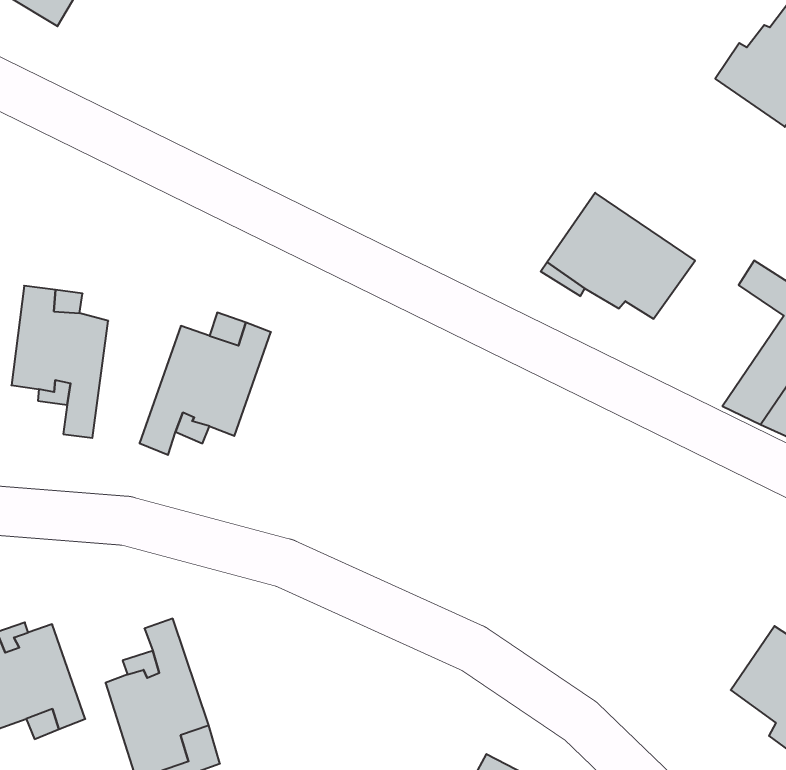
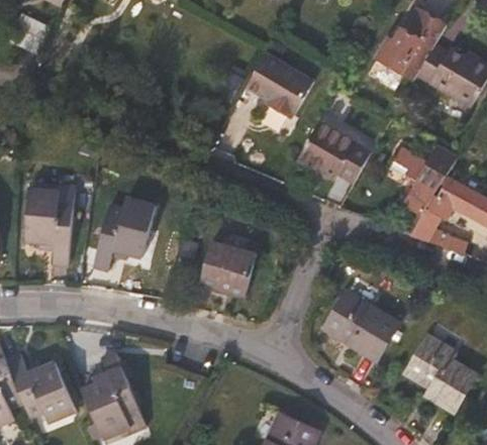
building: none -> [245,53,312,120]
building: none -> [200,243,256,295]
building: none -> [322,288,401,360]

